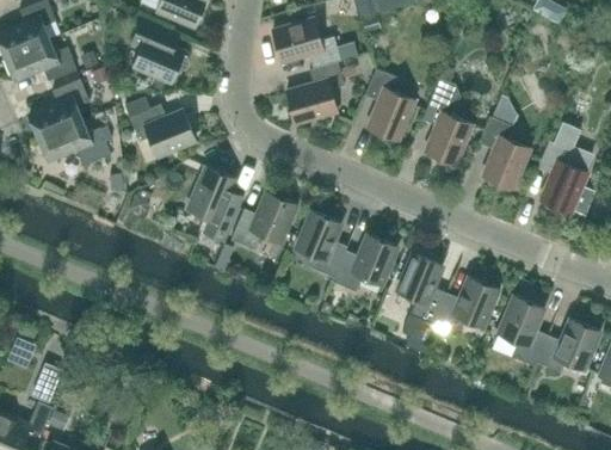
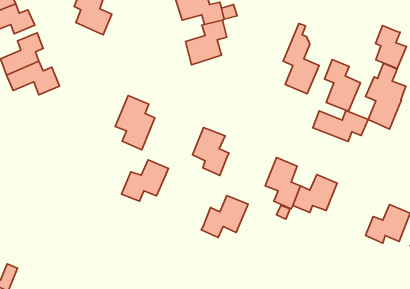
building: [364,69,414,141] -> none
building: none -> [376,25,406,69]
building: [129,104,196,156] -> none
building: none -> [313,110,368,142]
building: [230,192,296,249] -> [121,160,169,201]
building: [332,234,397,292] -> [201,195,248,238]
building: [498,295,548,366] -> none

